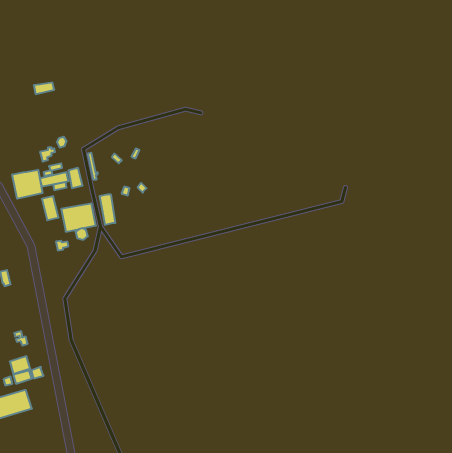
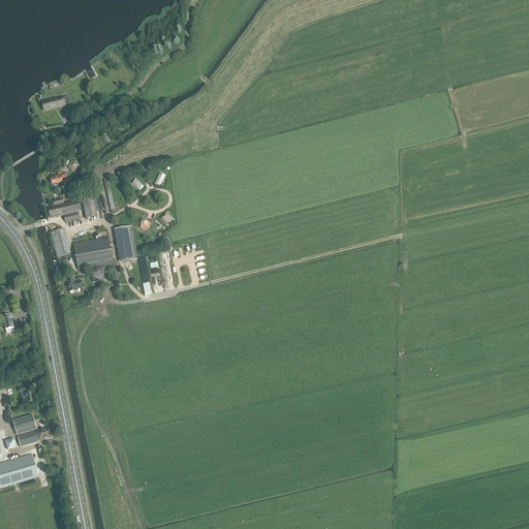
building: [12,170,43,199] -> none

